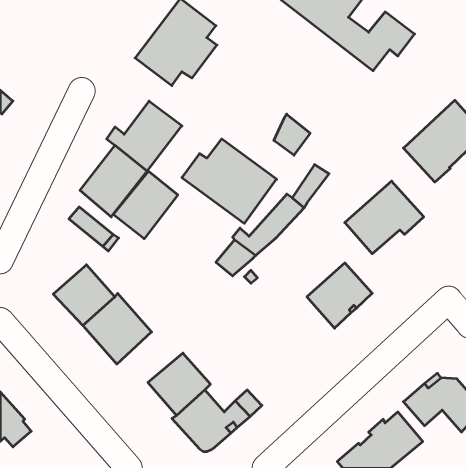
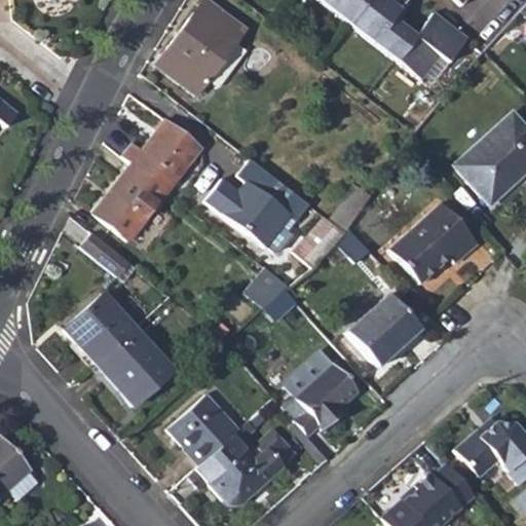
building: [274,114,310,155] -> none
building: [113,171,178,239] -> none
building: none -> [280,352,359,436]

